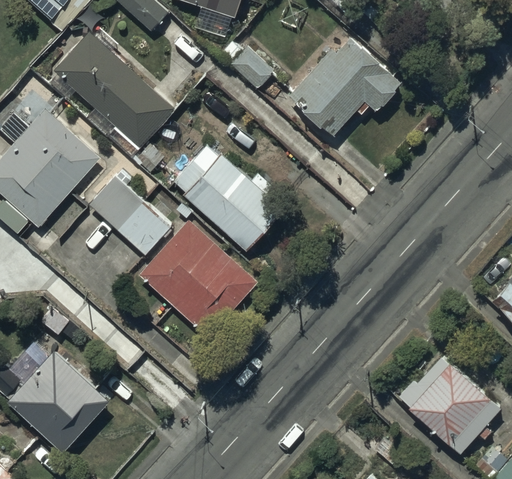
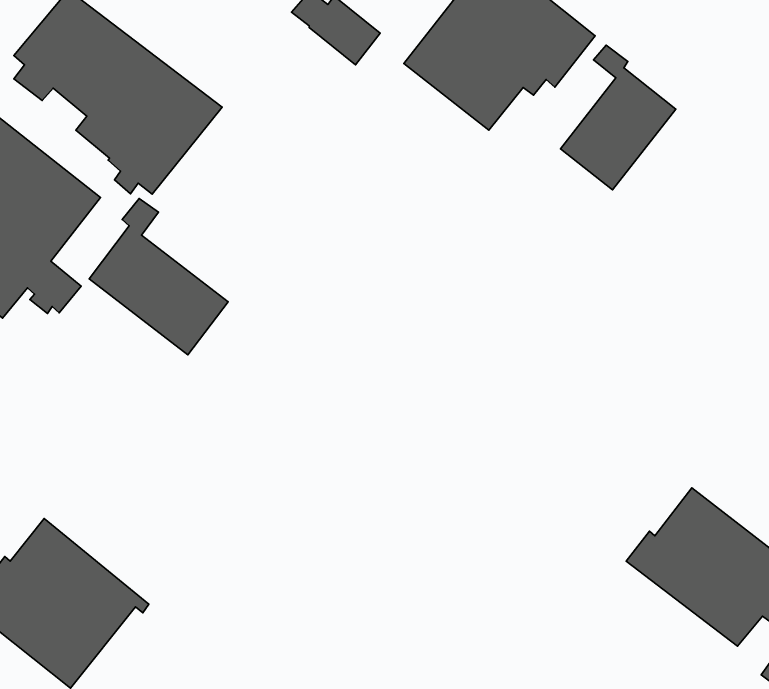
building: none -> [560,45,676,190]
building: [176,145,284,249] -> none
building: [139,220,258,337] -> none

